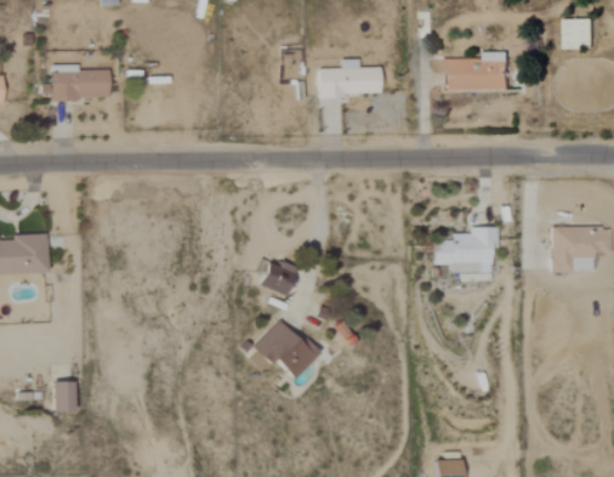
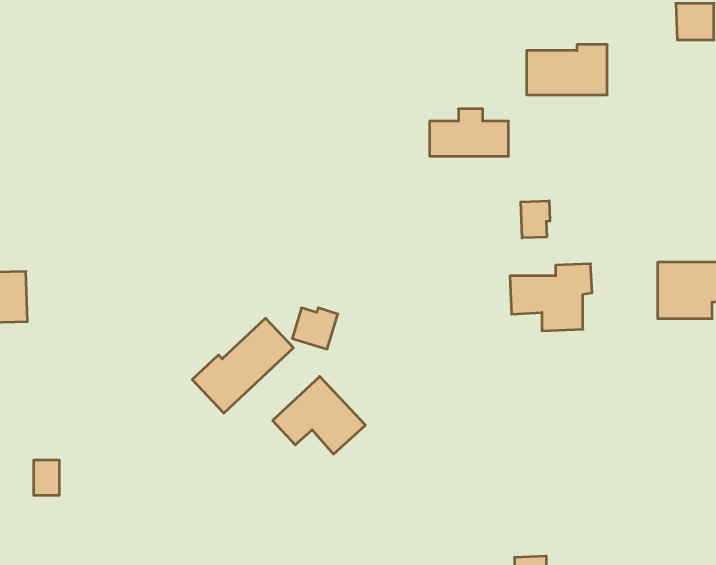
building: [318,59,381,97] -> [430,109,509,156]
building: [42,64,110,102] -> none
building: none -> [521,201,550,238]
building: none -> [192,318,293,413]

